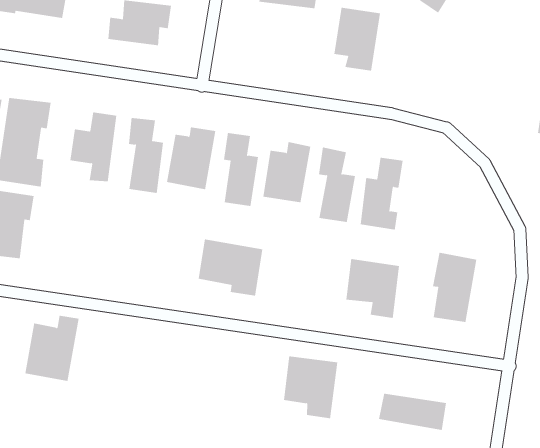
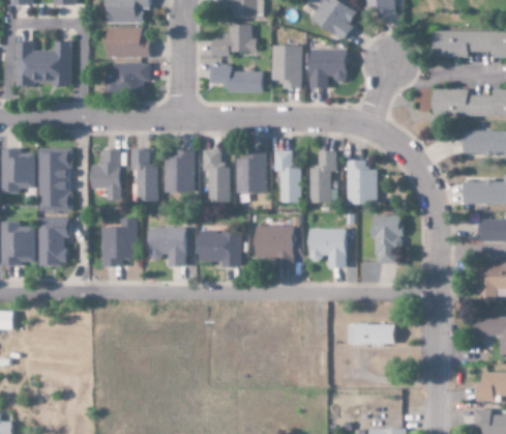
building: none -> [309,48,346,88]
building: none -> [209,64,262,91]
building: none -> [346,158,377,203]
building: none -> [148,227,185,266]
building: [24,315,79,382] -> [101,218,136,265]
building: [283,356,338,419] -> [255,225,293,267]

